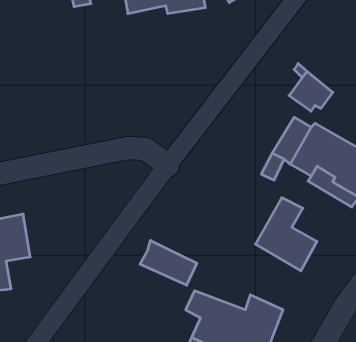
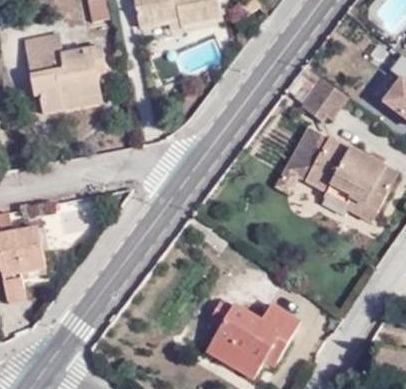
building: none -> [23,30,104,110]
building: [255,198,317,271] -> none
building: [140,240,197,285] -> none

